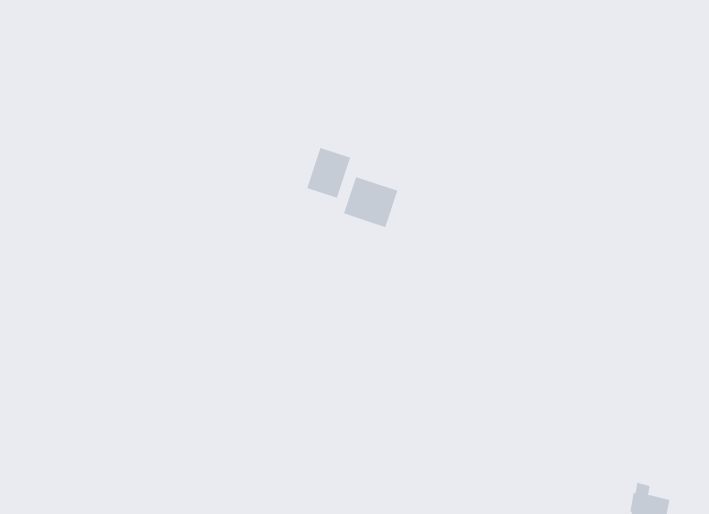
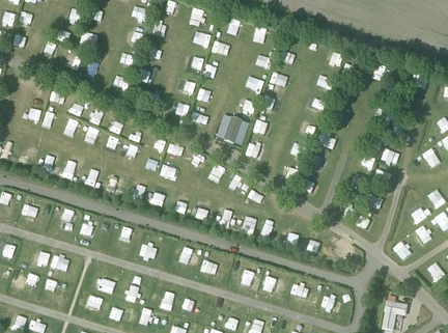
building: [307,147,351,199] -> none

